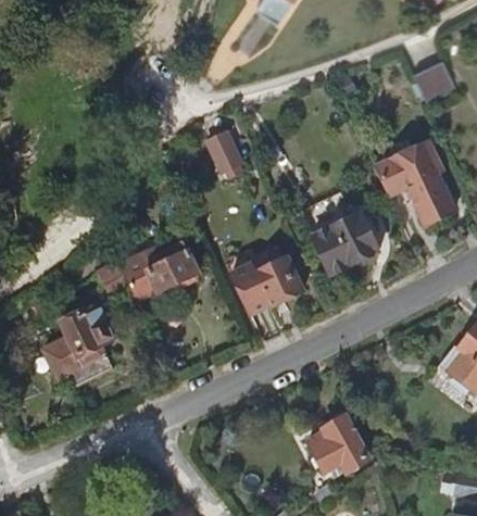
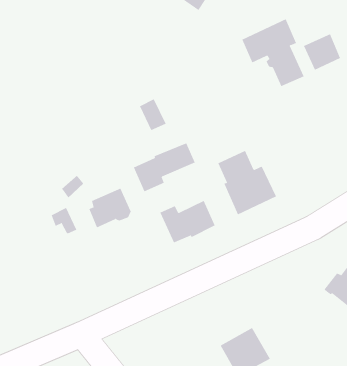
building: [375,141,453,226] -> [241,19,305,87]
building: none -> [133,142,196,192]
building: [42,307,113,390] -> none

